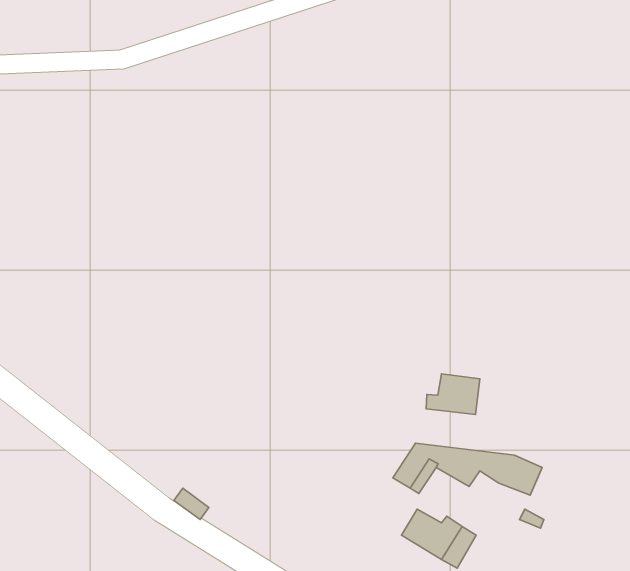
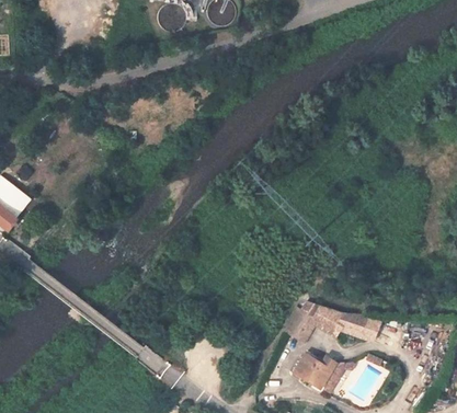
building: [426,374,480,414] -> none

